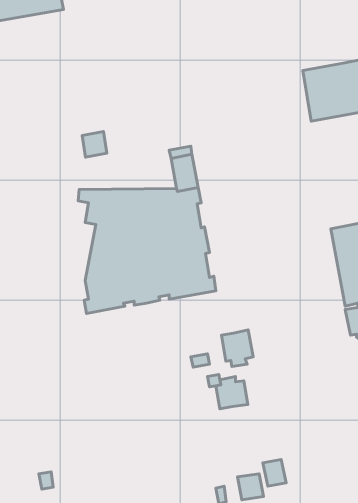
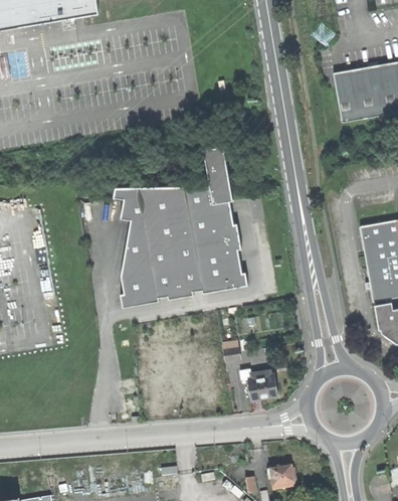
building: [82,132,107,157] -> none
building: [222,330,253,366] -> none
building: [263,459,286,486] -> none

